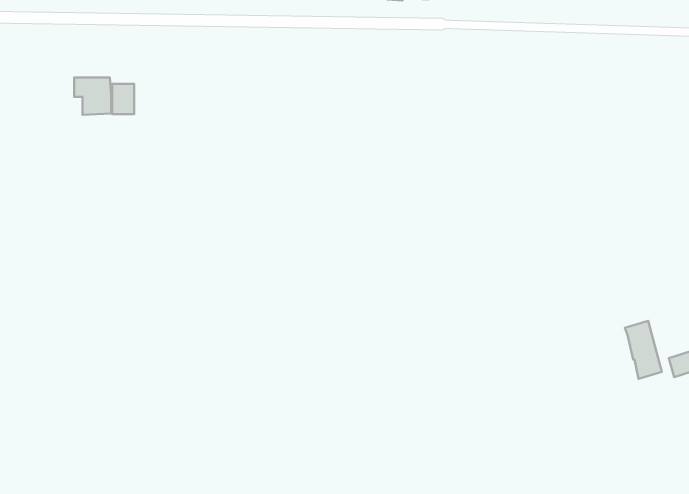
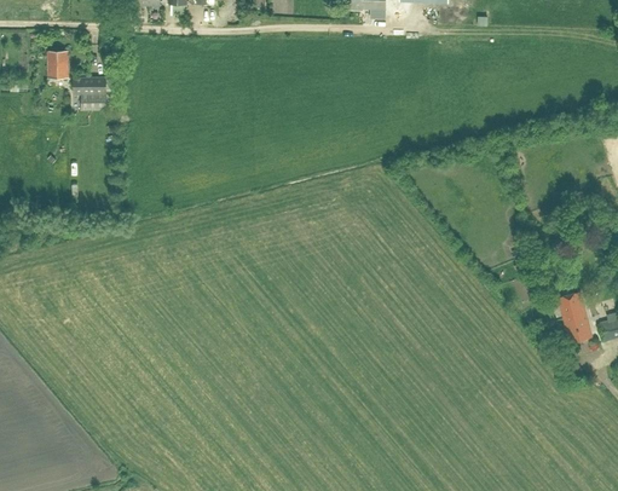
building: [112,84,134,114] -> [48,51,68,77]

